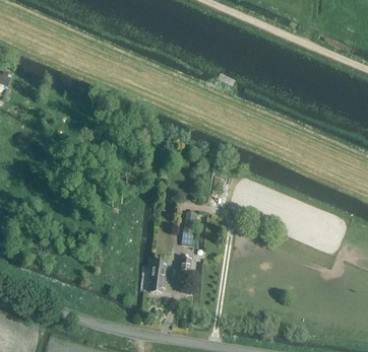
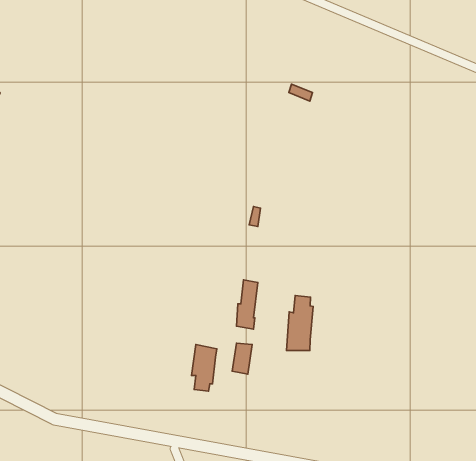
building: none -> [286,296,313,351]

